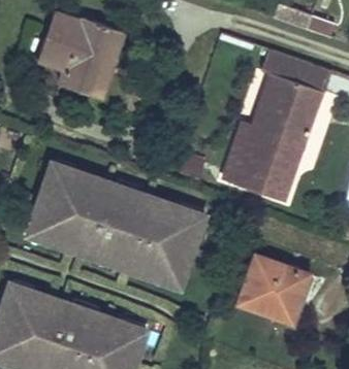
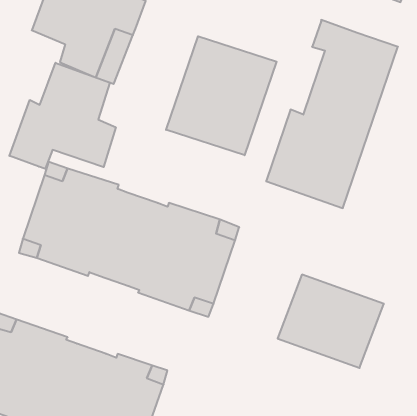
building: none -> [166,36,277,155]
building: none -> [9,63,116,169]

